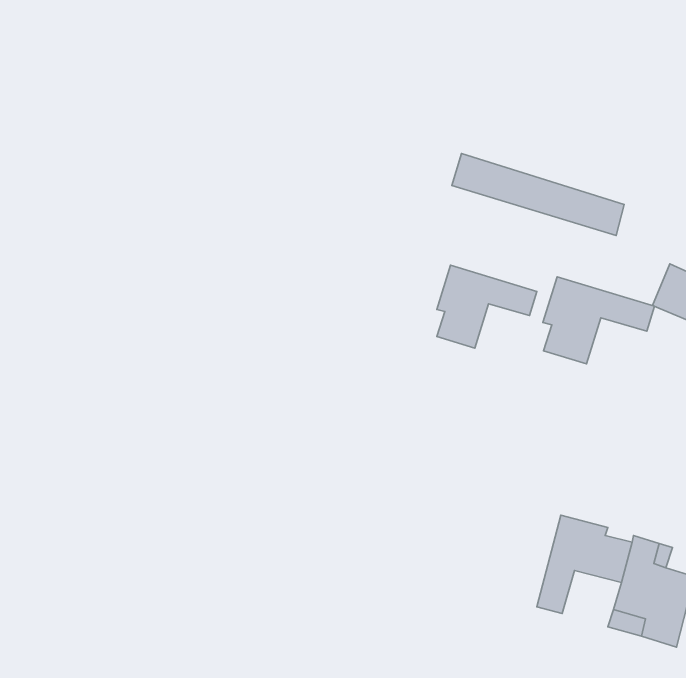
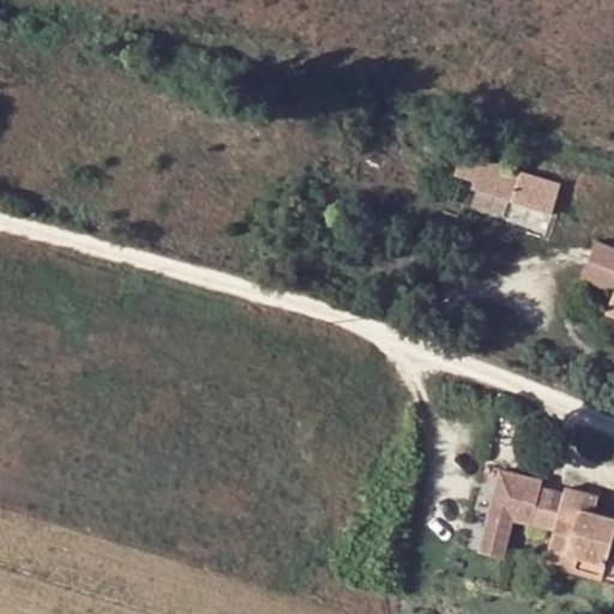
building: [437,265,537,348] -> none
building: [543,277,654,364] -> none

